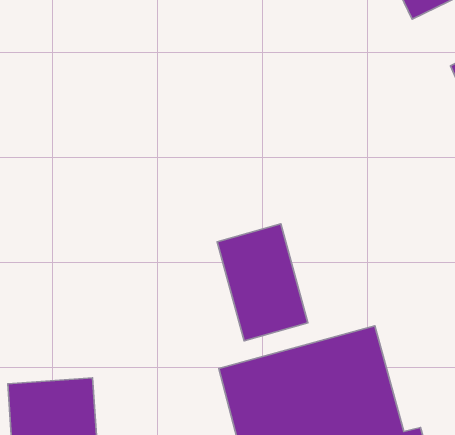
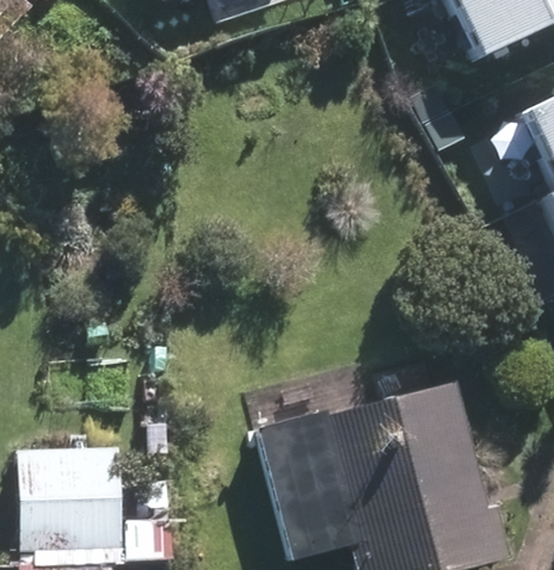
building: [217,224,308,341] -> none

